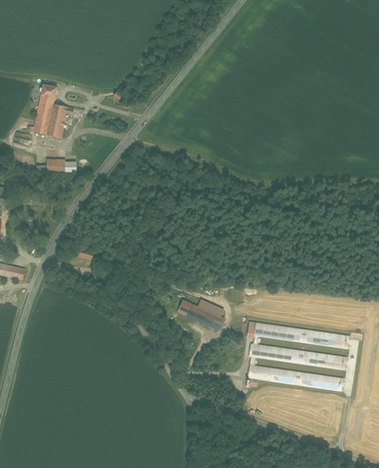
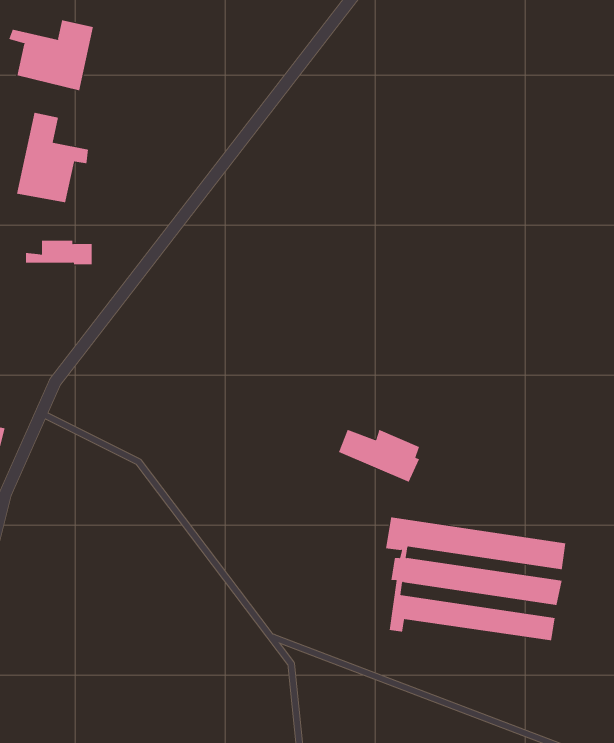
building: none -> [8,20,94,91]
building: [177,300,224,330] -> [338,429,420,482]

